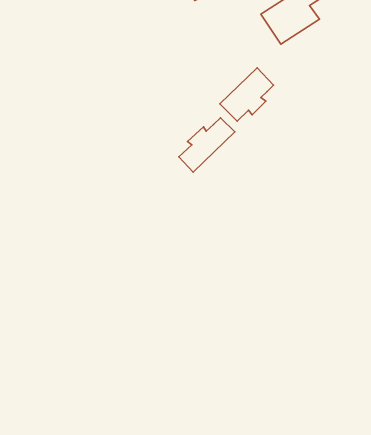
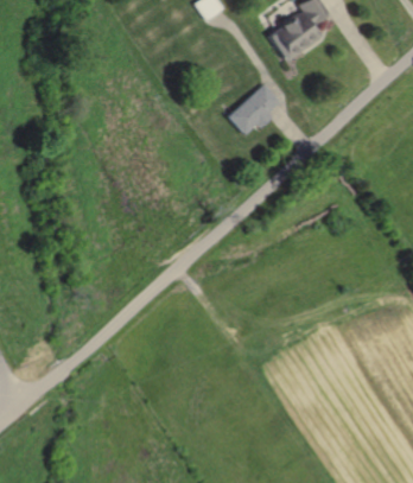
building: [179,118,235,172] -> none

